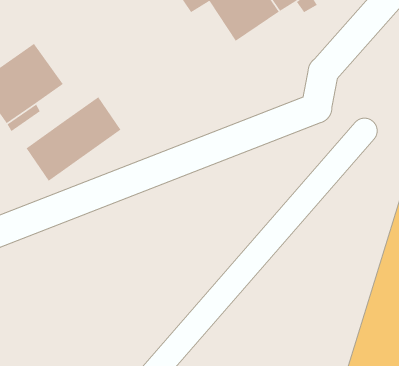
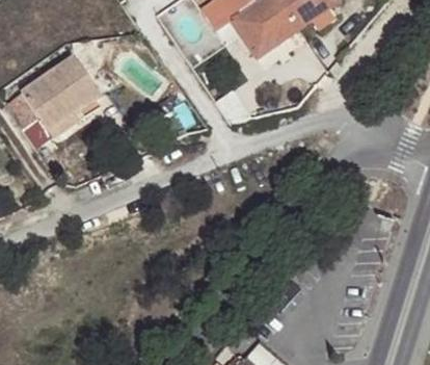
building: [25,96,121,182] -> none

